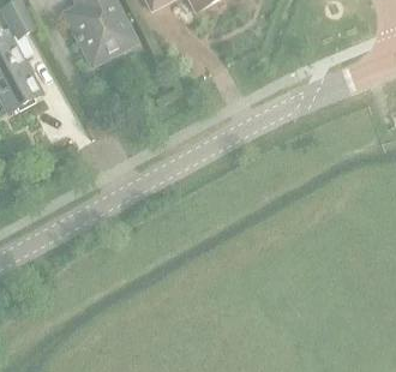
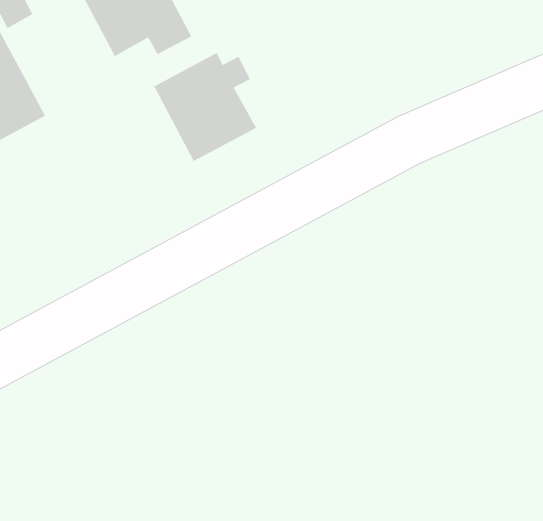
building: none -> [153,52,257,162]

